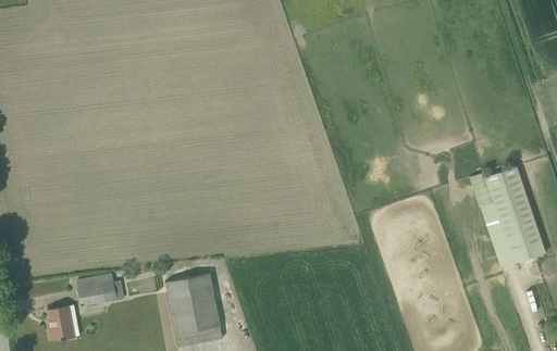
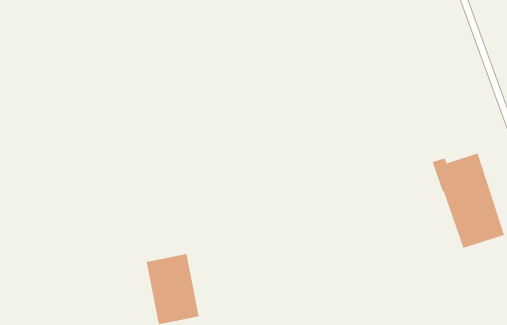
building: [77,279,124,305] -> none
building: [48,305,73,339] -> none

